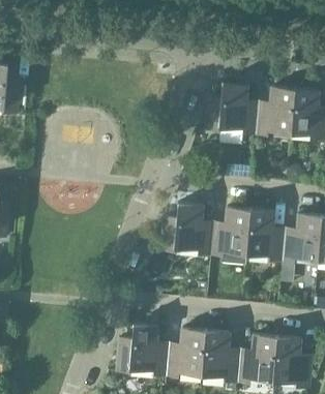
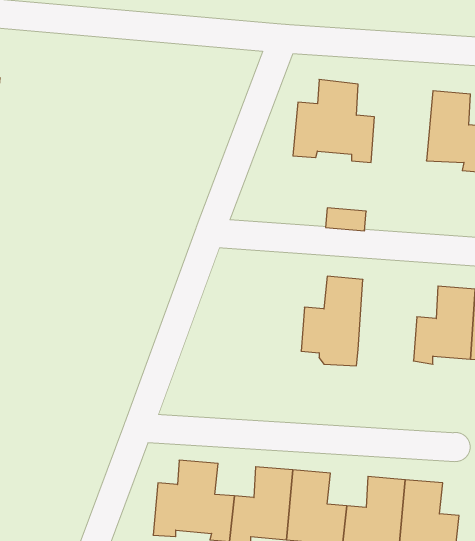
building: [255,88,294,137] -> none
building: [160,204,212,255] -> none
building: [246,210,284,262] -> none

